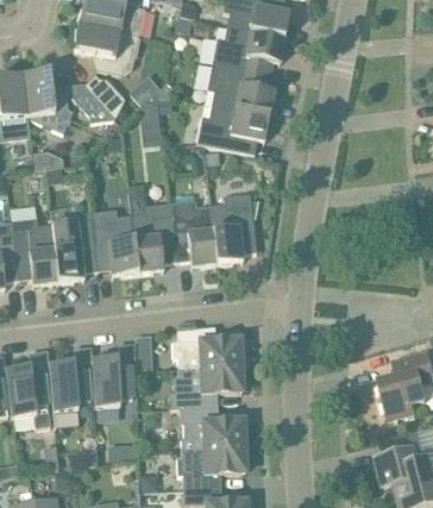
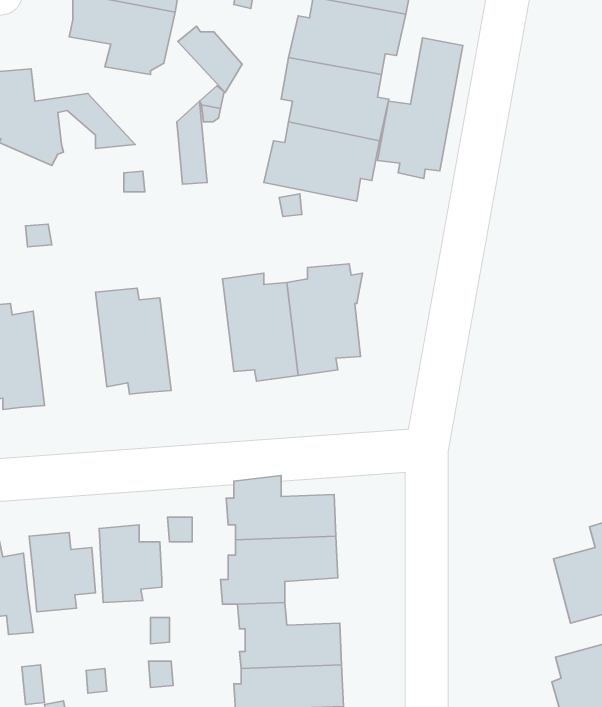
building: none -> [378,38,463,179]
building: [86,75,126,117] -> [178,26,242,92]
building: [127,182,177,271] -> none
building: [51,209,98,281] -> none

